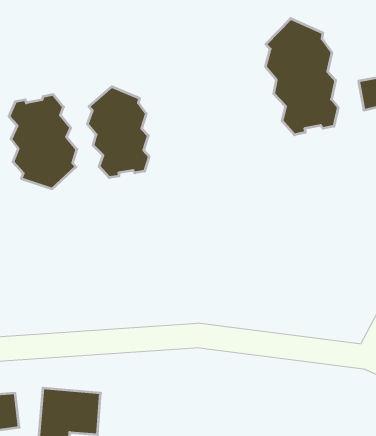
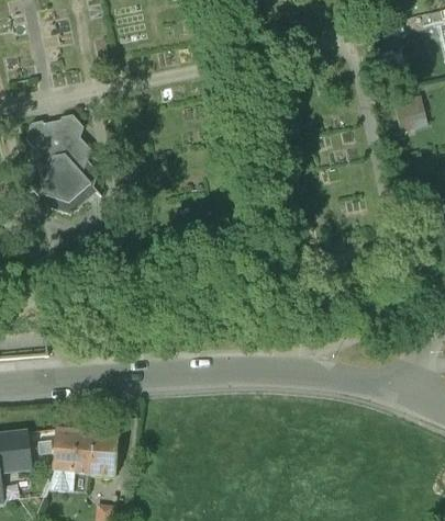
building: [266,18,338,135] -> none
building: [87,87,149,178] -> none

